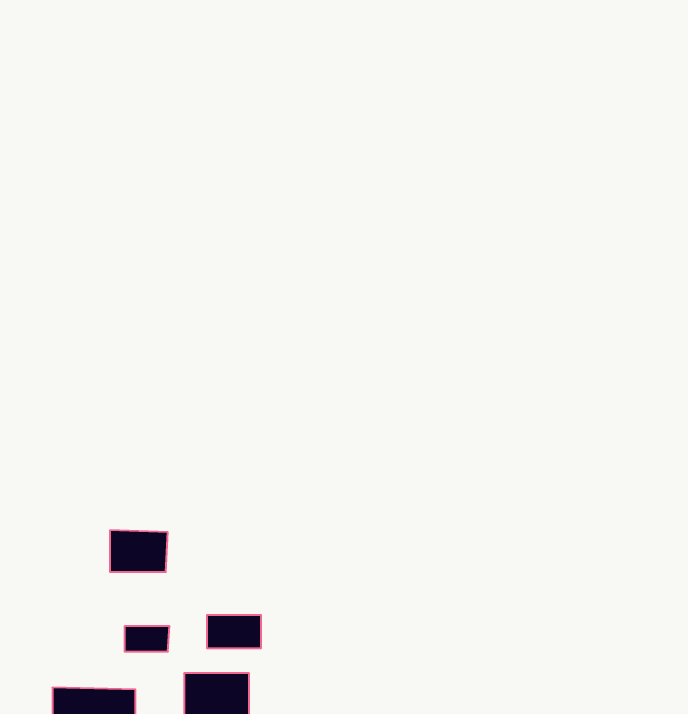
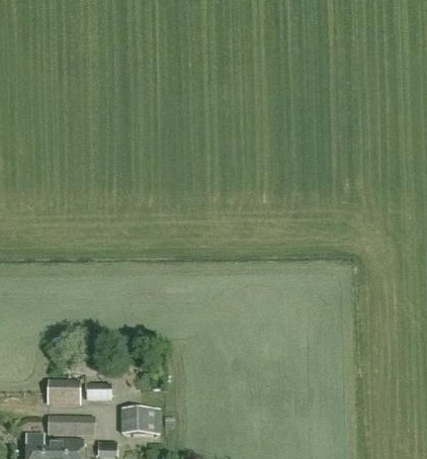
building: [110,530,168,572] -> [48,380,80,403]
building: [207,615,261,648] -> none

